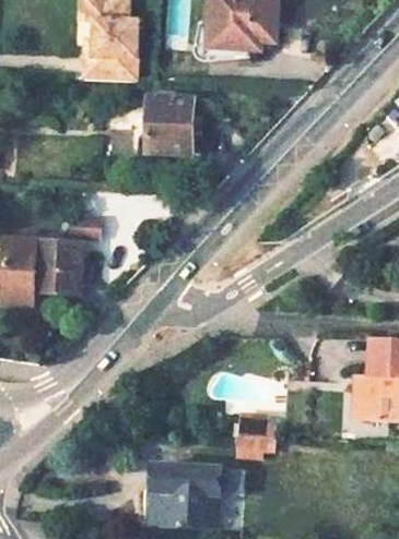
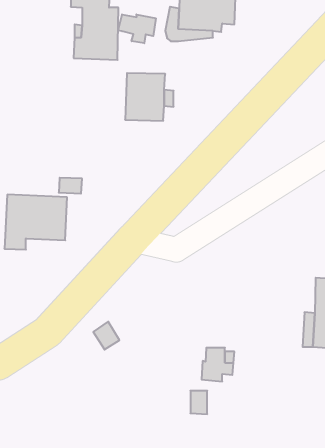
building: none -> [118,14,156,43]
building: [143,464,221,527] -> none

